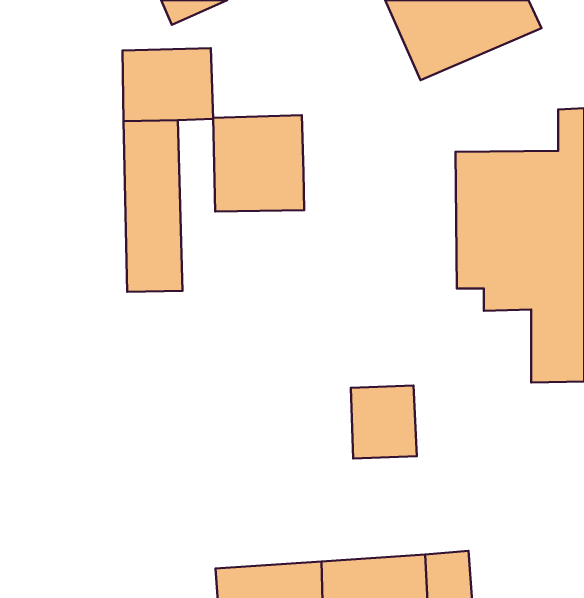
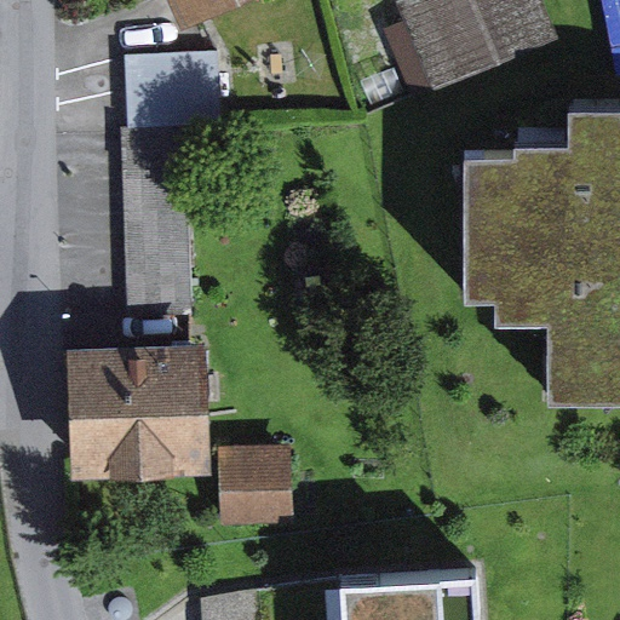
building: [213,115,304,212] -> none
building: none -> [69,345,208,480]
building: [351,385,417,458] -> [225,449,293,524]

